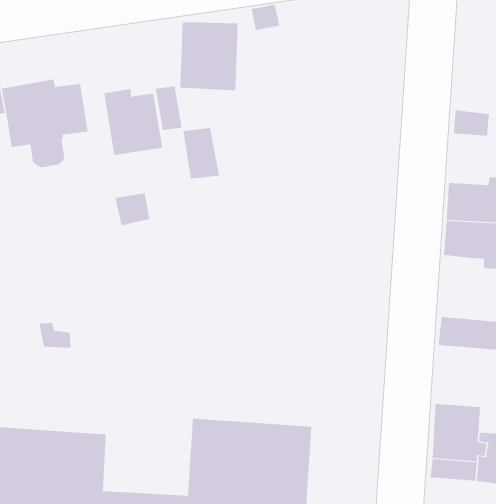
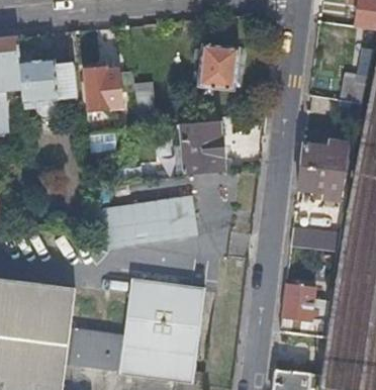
building: [179,22,238,91] -> [197,44,238,91]
building: none -> [180,121,225,174]
building: none -> [93,194,197,249]

